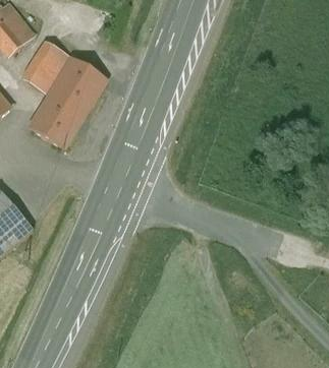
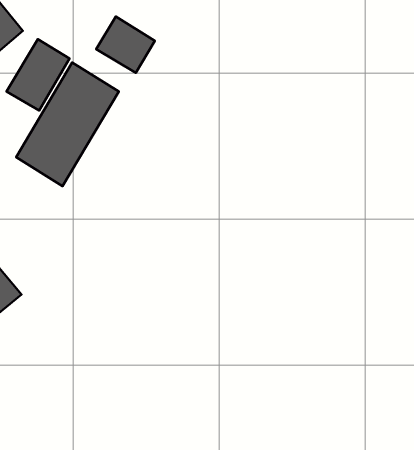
building: none -> [96,17,155,73]

